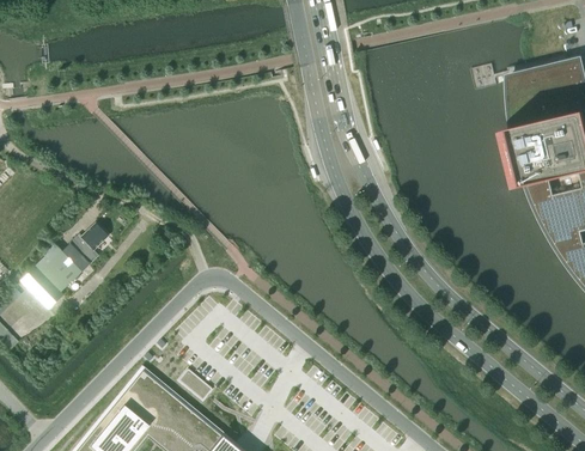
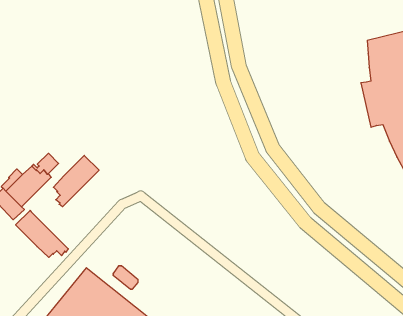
building: none -> [53,155,99,207]
building: none -> [16,210,68,257]

